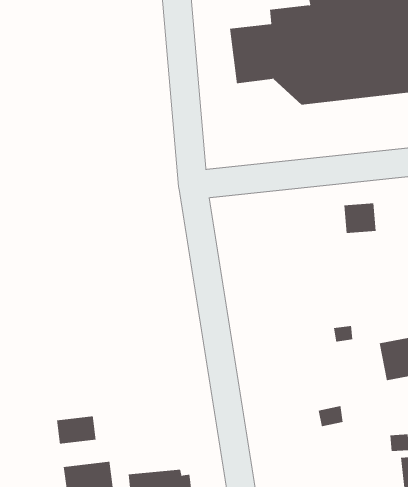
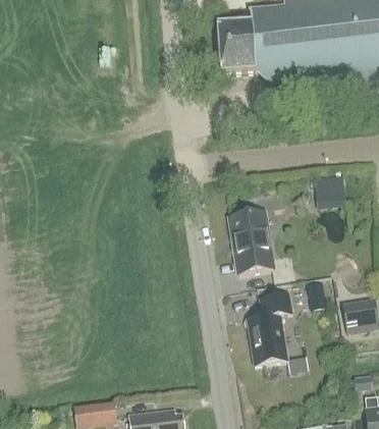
building: none -> [231,212,273,273]
building: none -> [248,294,291,365]
building: [57,415,96,445] -> none

